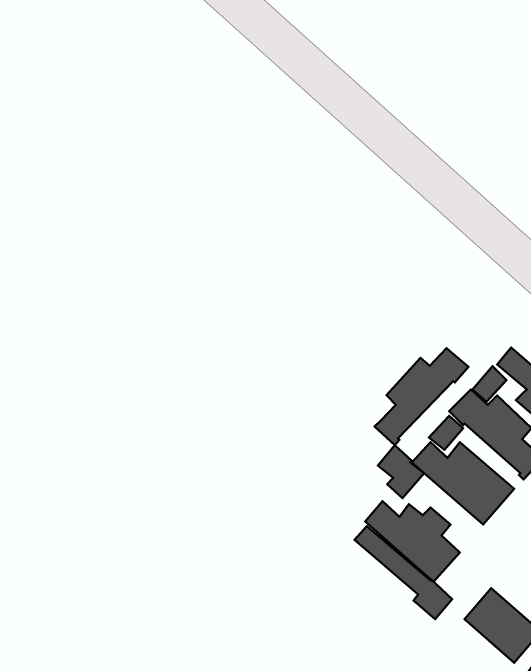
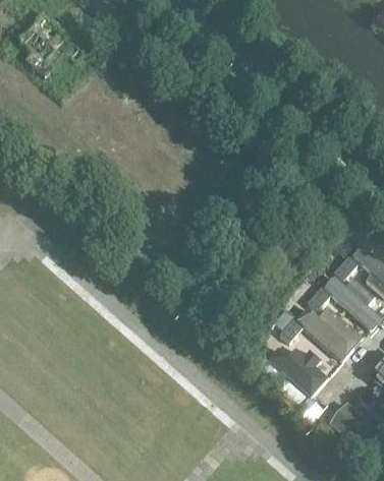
building: [374,348,468,445] -> none

